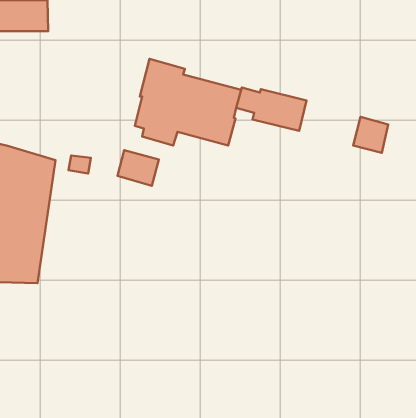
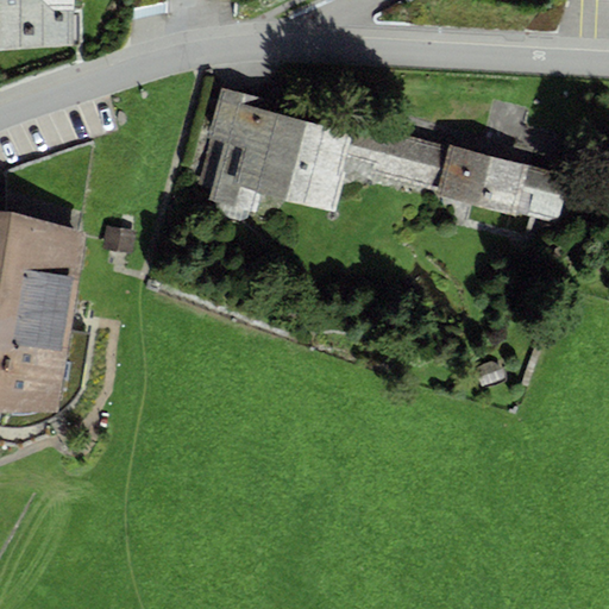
building: none -> [433,144,526,216]
building: [118,150,159,186] -> none

